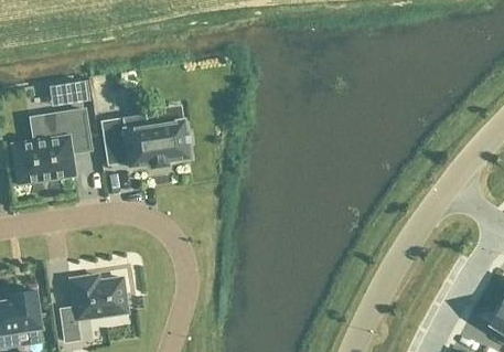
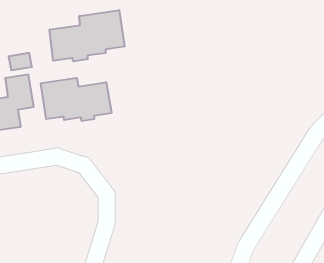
building: none -> [50,10,125,61]
building: [58,276,126,341] -> none

